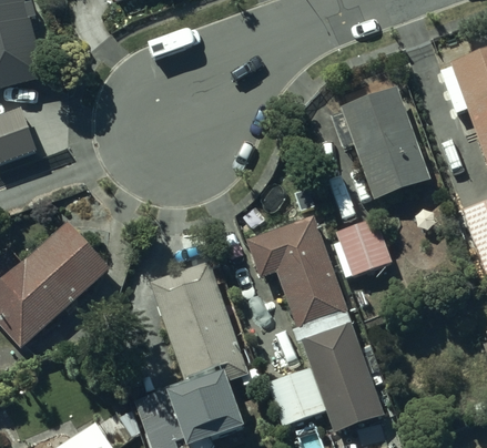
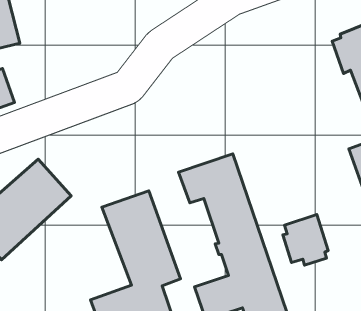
building: [328,77,433,200] -> none
building: [333,216,390,281] -> [283,215,328,265]

